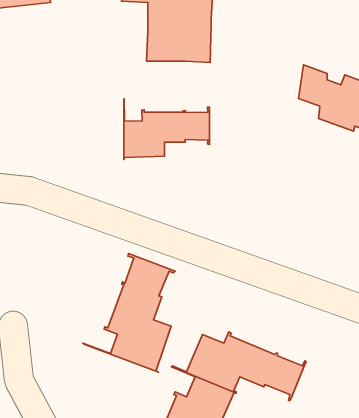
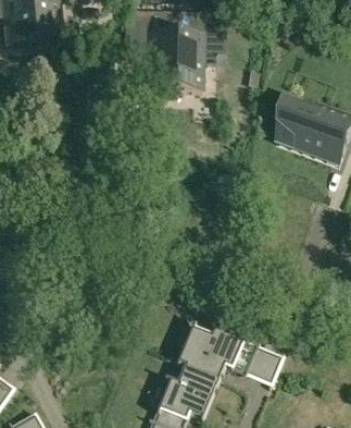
building: [124,99,210,159] -> none
building: [83,254,175,372] -> none

